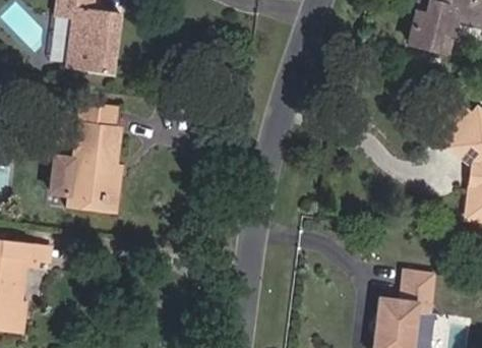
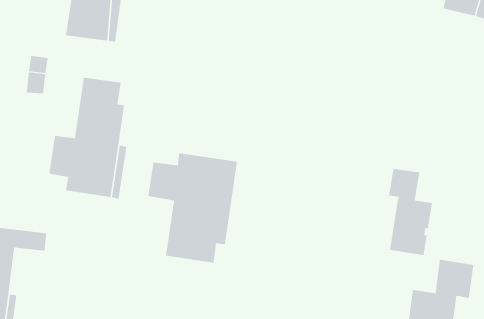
building: none -> [148,153,237,263]
building: none -> [388,168,432,256]

